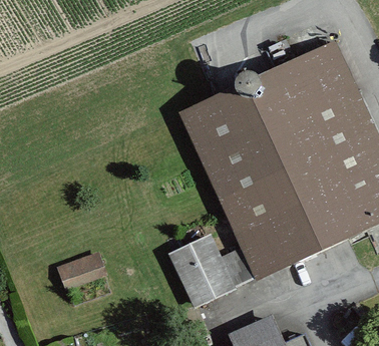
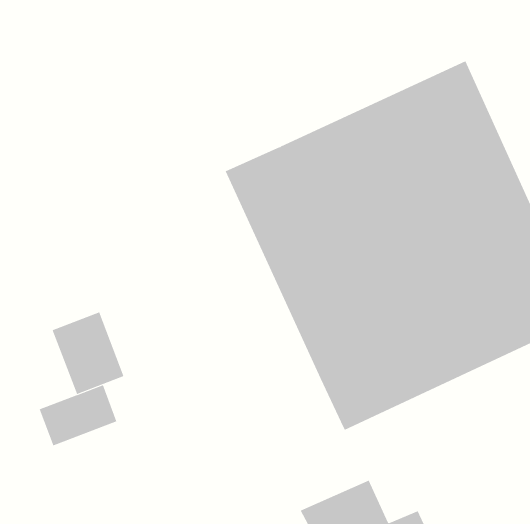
building: none -> [52,312,124,395]
building: [167,234,255,309] -> none

